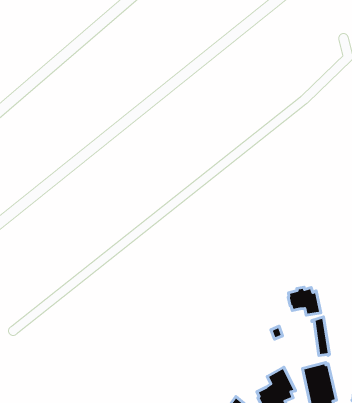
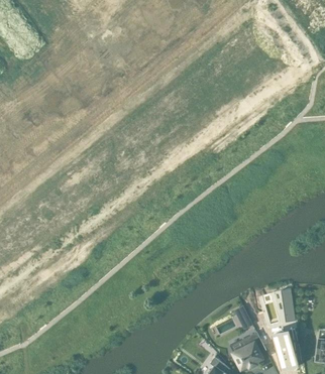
building: [288,287,321,315] -> none

